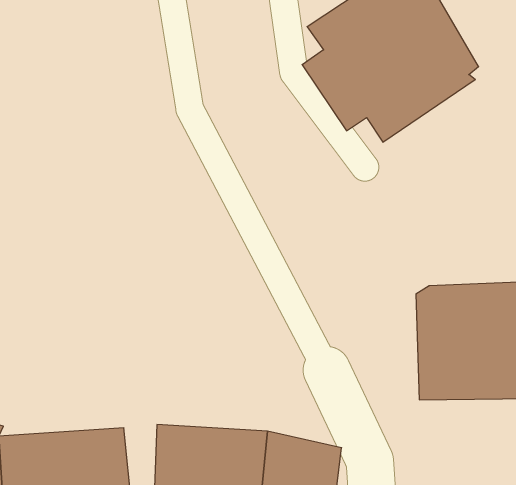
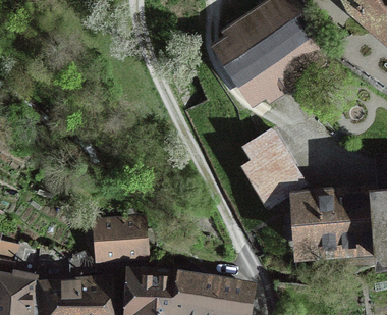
building: none -> [241,129,306,208]
building: none -> [92,215,148,262]

